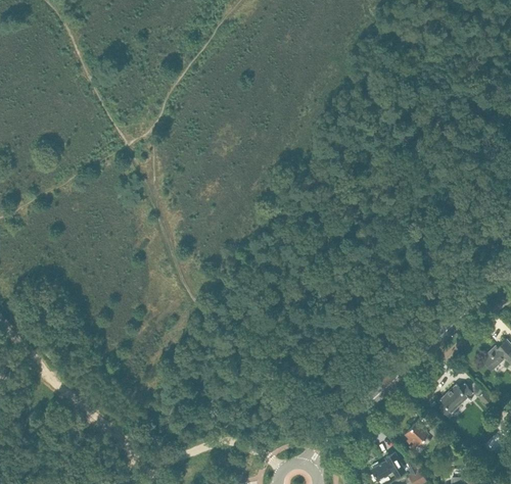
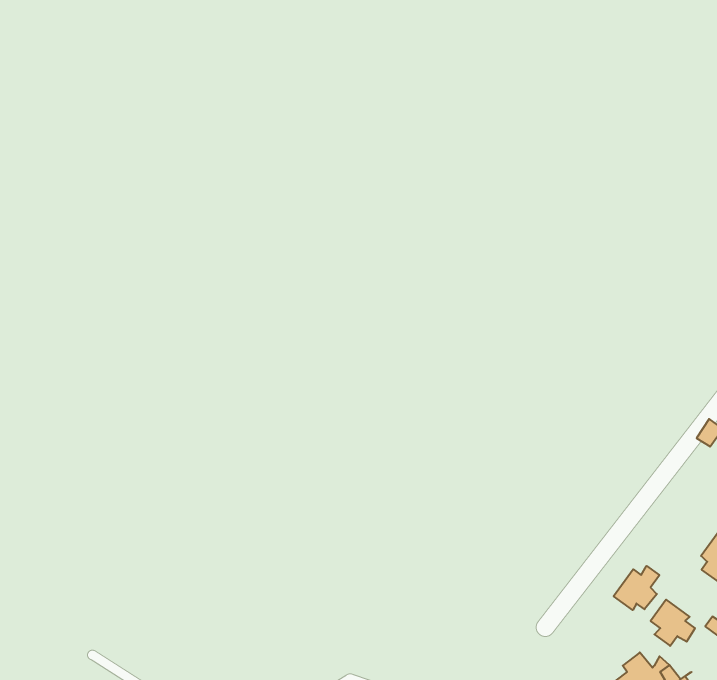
building: none -> [614,566,659,610]

